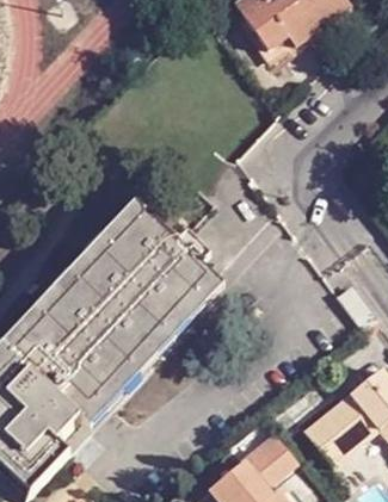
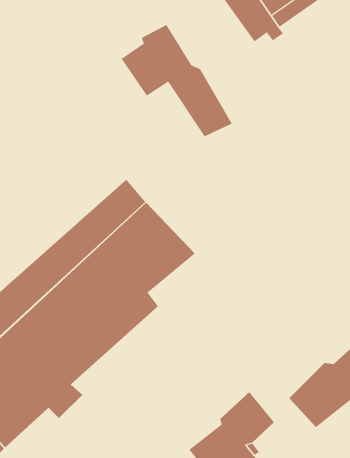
building: none -> [121,24,232,137]

